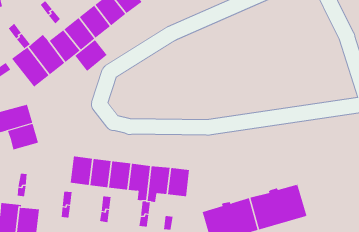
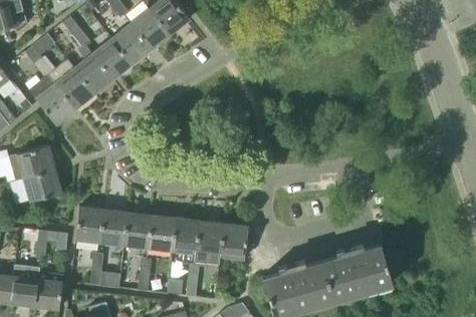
building: [74,39,108,72] -> none
building: none -> [75,208,104,243]

